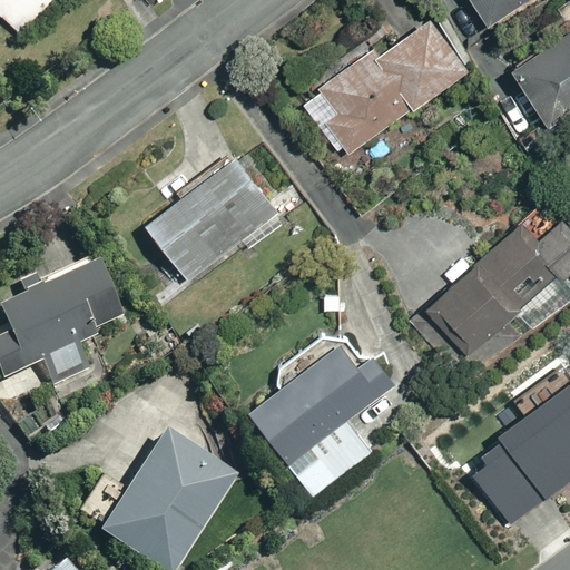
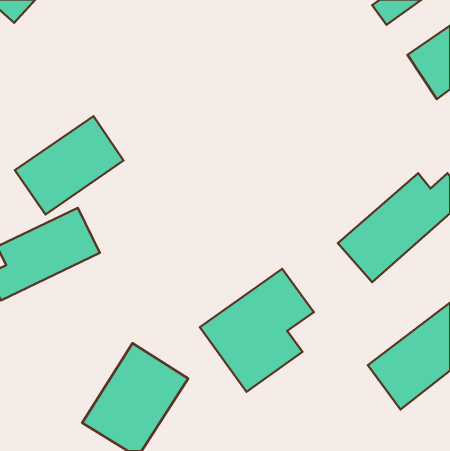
building: [306,21,468,155] -> none
building: [147,157,284,281] -> [15,116,123,214]

